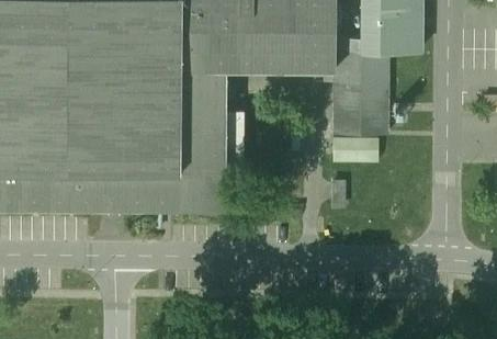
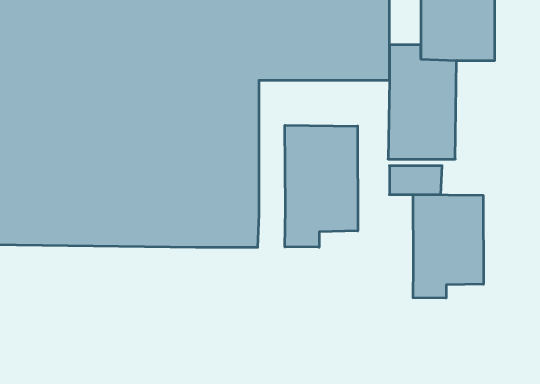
building: none -> [285,125,358,247]
building: none -> [413,195,483,298]

